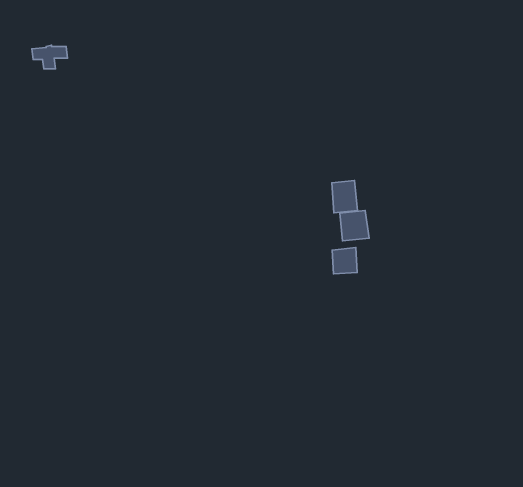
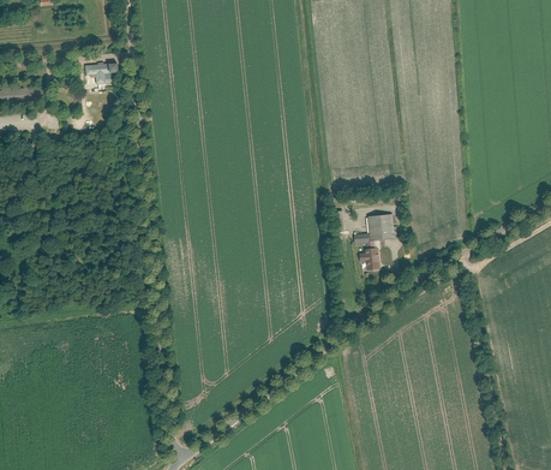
building: [332,181,358,213] -> none

